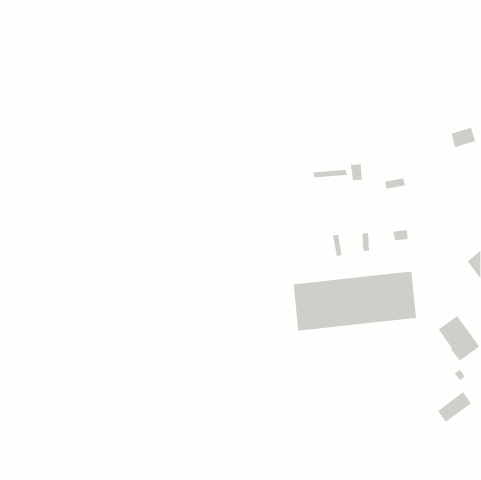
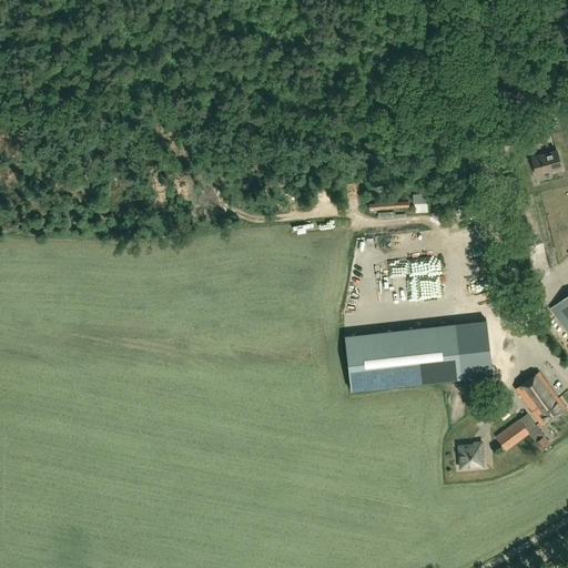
building: none -> [458,443,483,468]
building: [437,391,472,422] -> [496,414,537,450]

